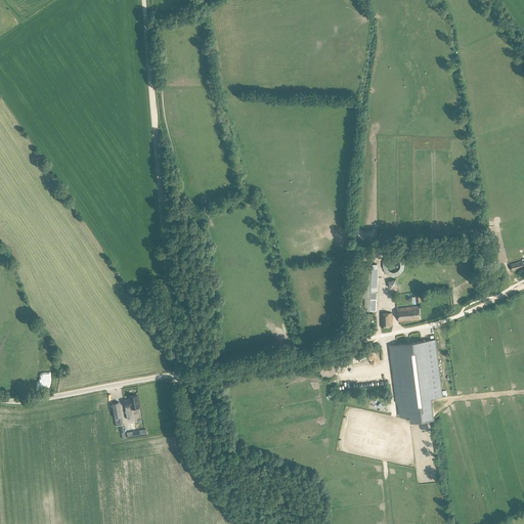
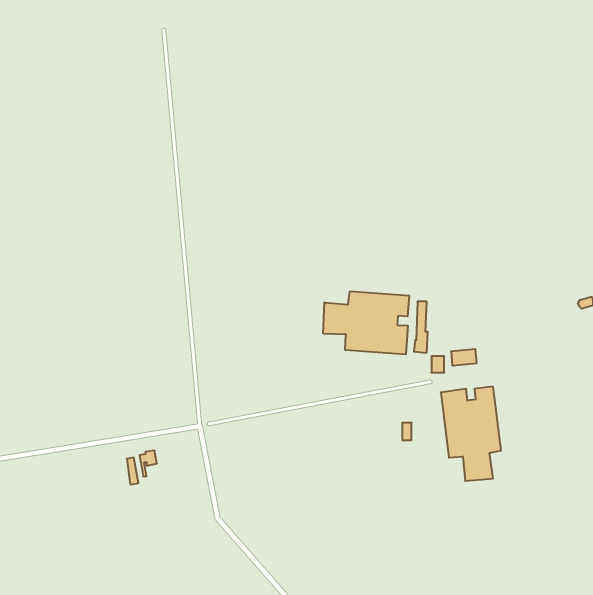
building: none -> [323,291,409,354]

